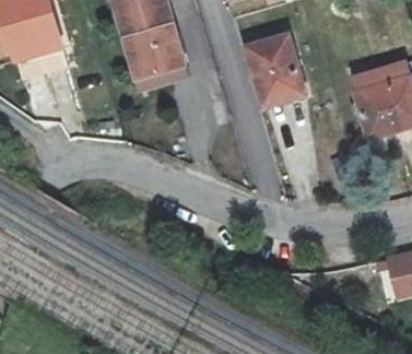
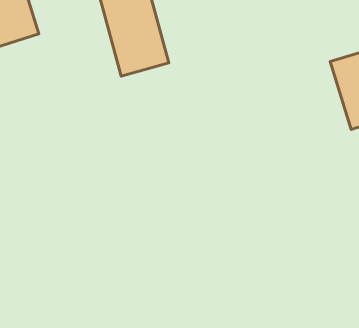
building: [242,31,304,108] -> none

